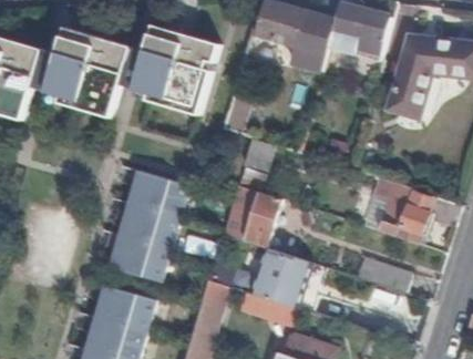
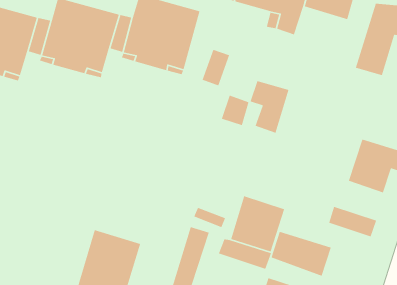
building: [111,168,191,280] -> none
building: [239,188,282,246] -> [250,80,289,133]
building: none -> [270,231,332,277]

